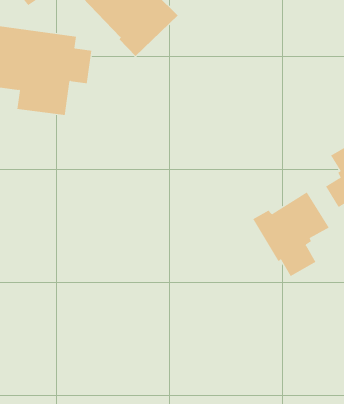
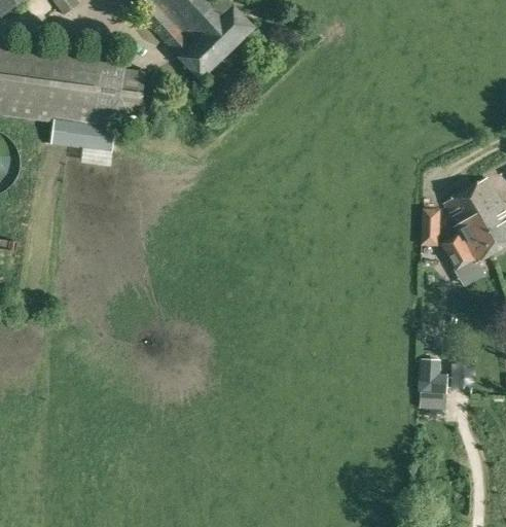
building: [253,192,329,277] -> none
building: none -> [419,358,447,401]

